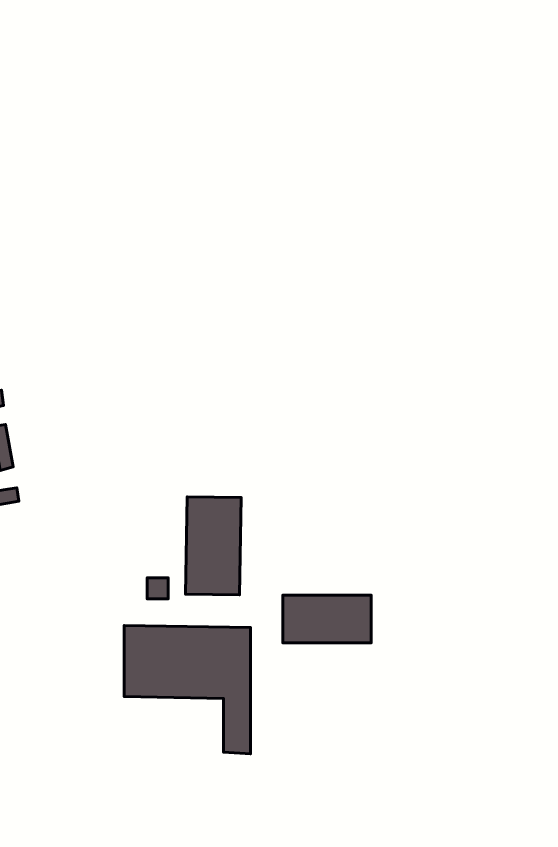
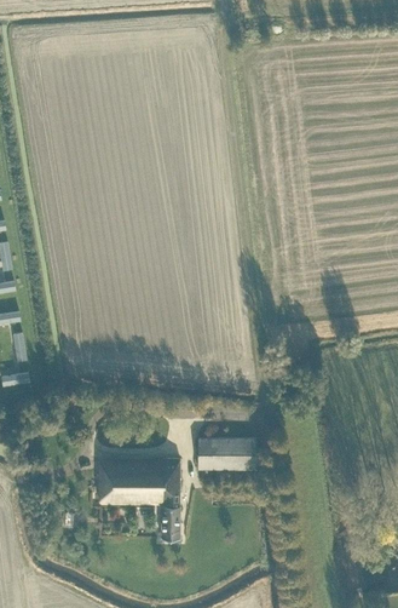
building: [186,497,241,595] -> none

